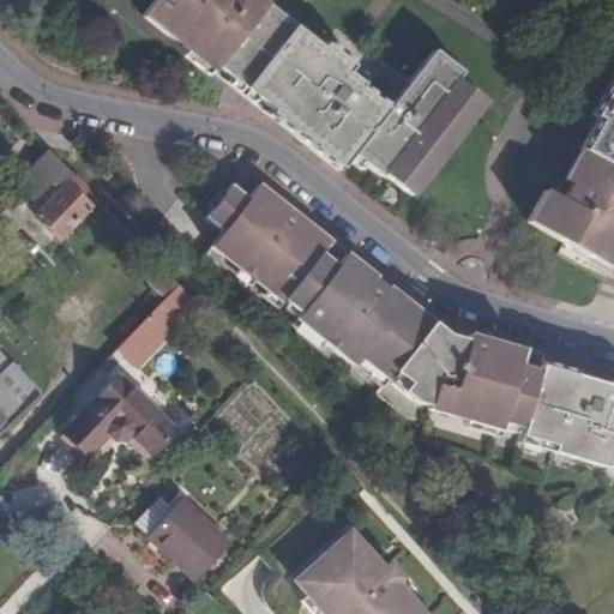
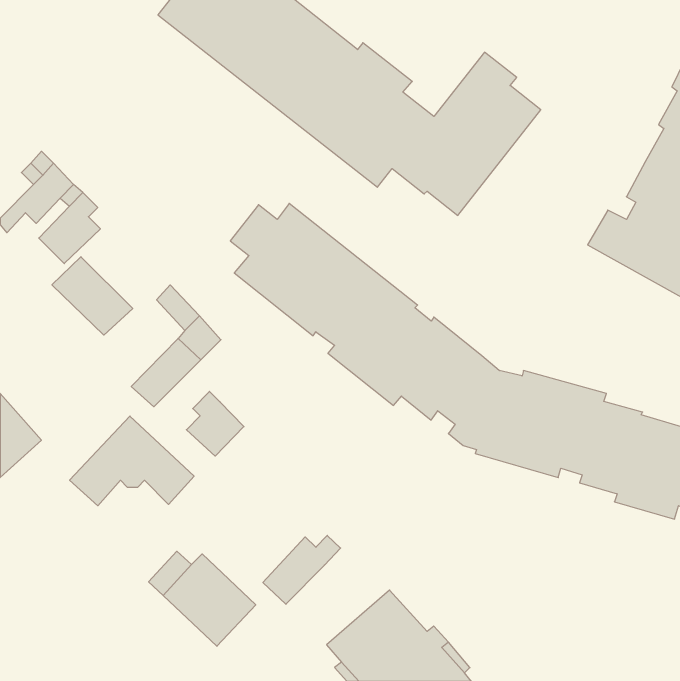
building: none -> [52,257,133,335]
building: none -> [186,391,244,456]
building: none -> [263,535,341,604]

